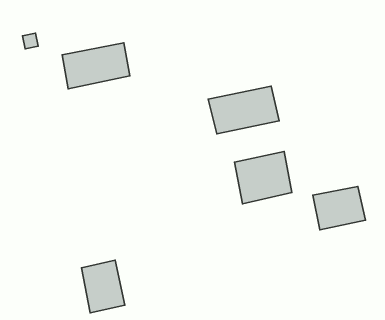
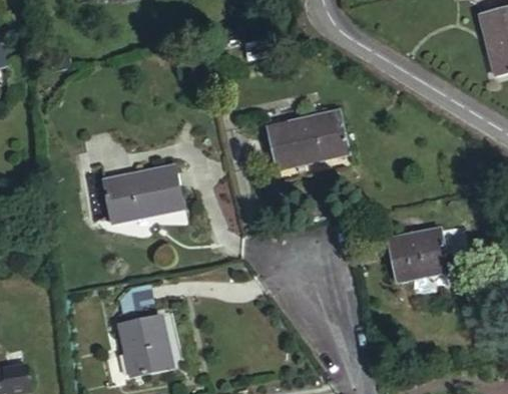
building: [62,43,130,89] -> [103,167,181,221]
building: [234,152,292,204] -> none

